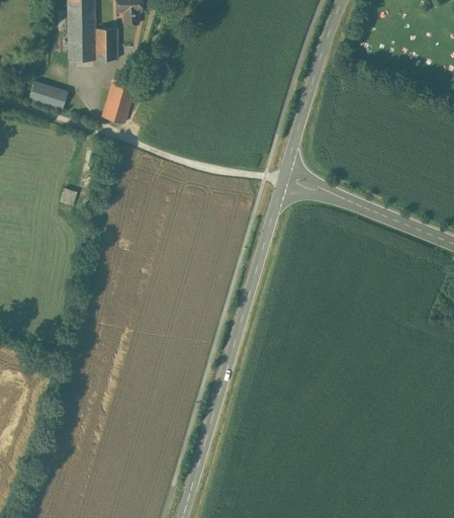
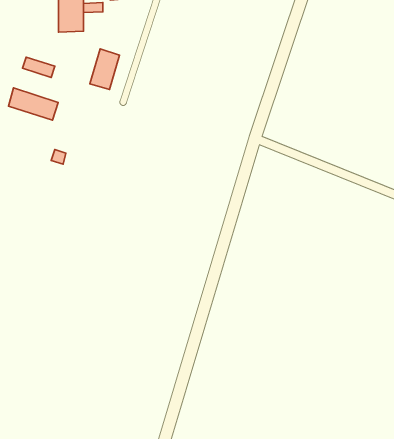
building: [95,37,116,59] -> none
building: none -> [9,88,58,120]

